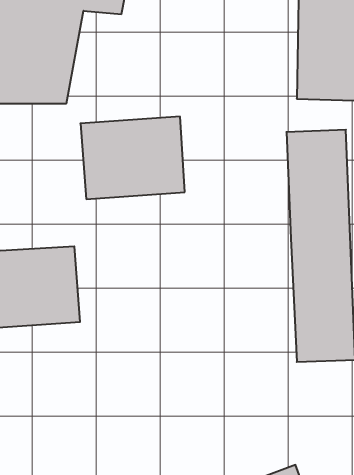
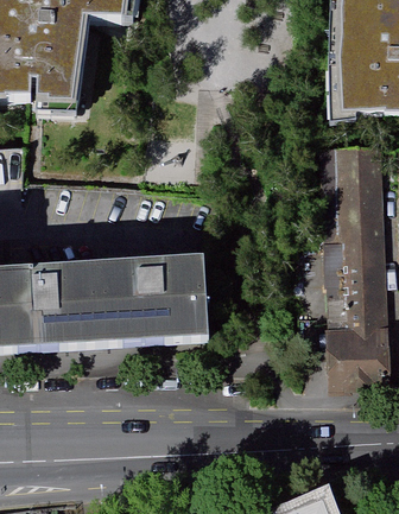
building: [80,117,185,199] -> [99,260,207,345]

